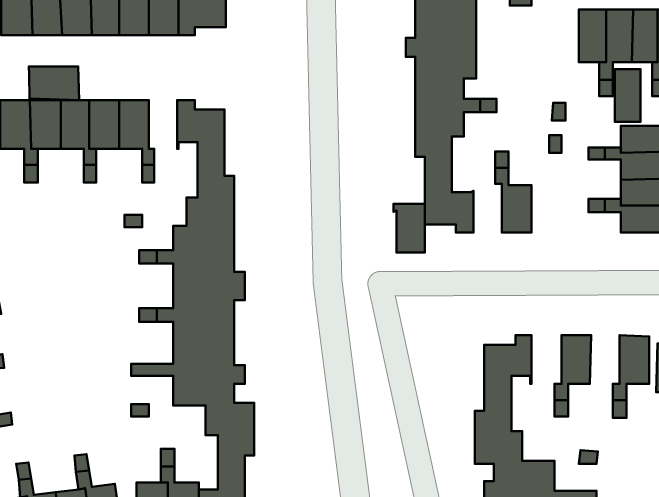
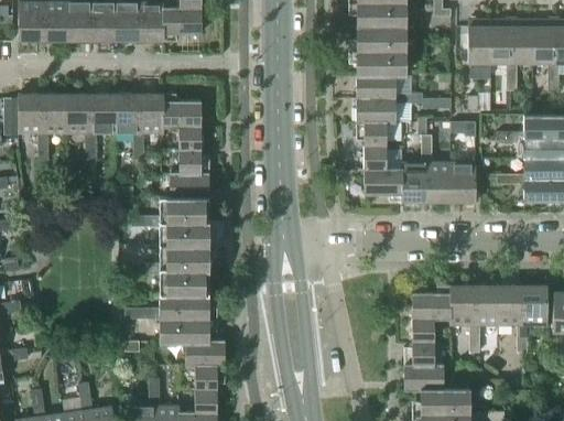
building: [29,66,79,100] -> none
building: [615,69,640,122] -> [468,20,489,63]
building: none -> [139,94,162,133]
building: none -> [451,163,475,202]
building: [394,204,425,252] -> [401,162,426,202]
building: none -> [451,285,475,325]
building: none -> [498,285,522,325]

